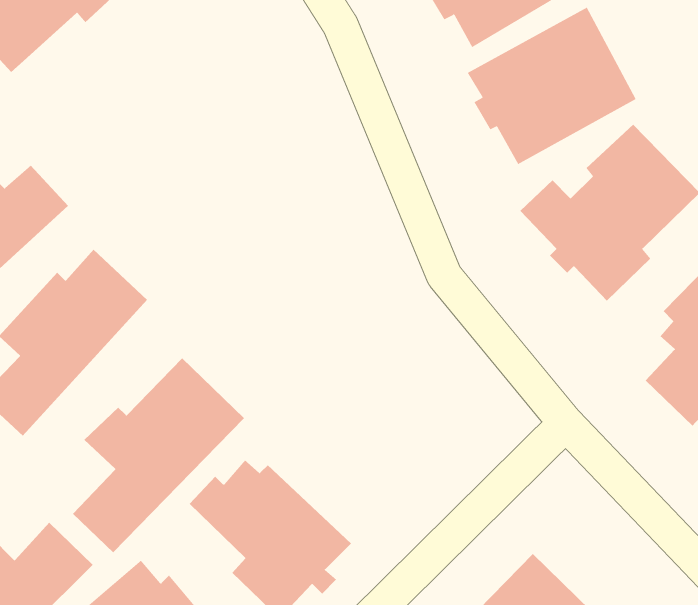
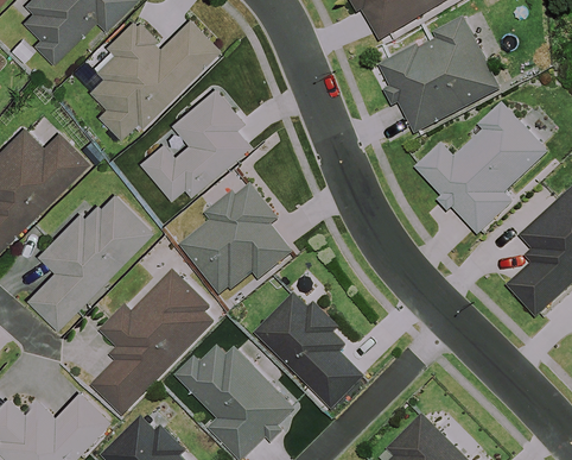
building: none -> [88,19,217,136]
building: none -> [134,87,248,202]
building: none -> [180,183,299,297]
building: none -> [255,294,369,412]

